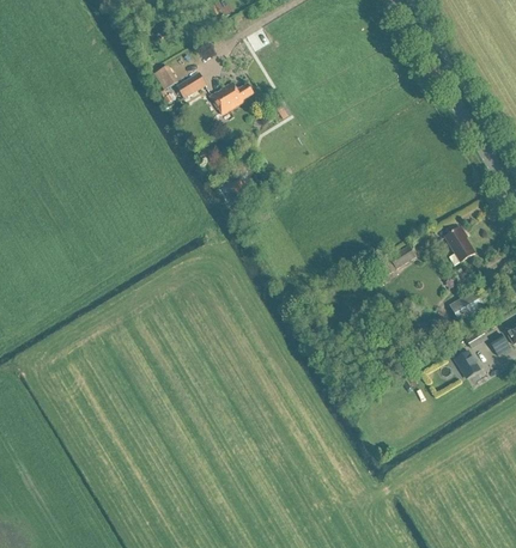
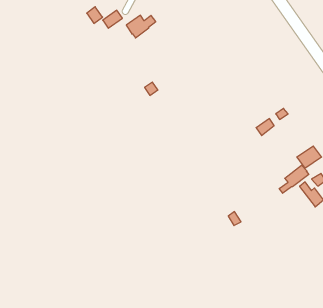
building: [448,227,476,264] -> none
building: none -> [279,165,309,193]

